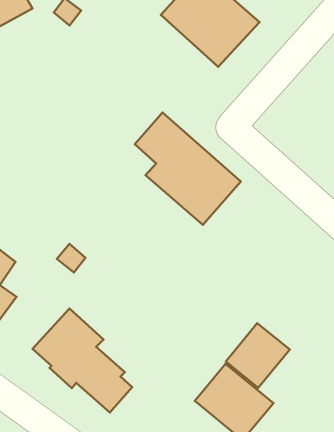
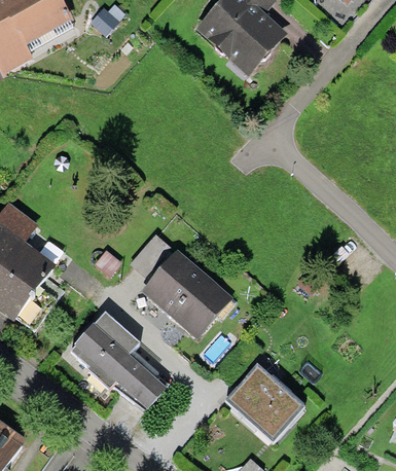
building: [135,112,241,225] -> [131,230,233,339]
building: [226,323,290,388] -> none

